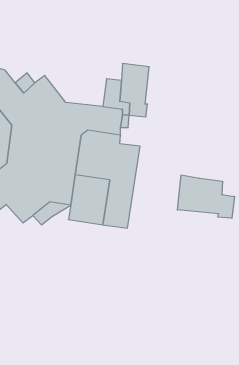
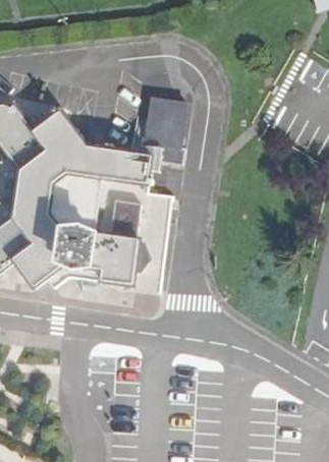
building: [177,175,235,218] -> none

